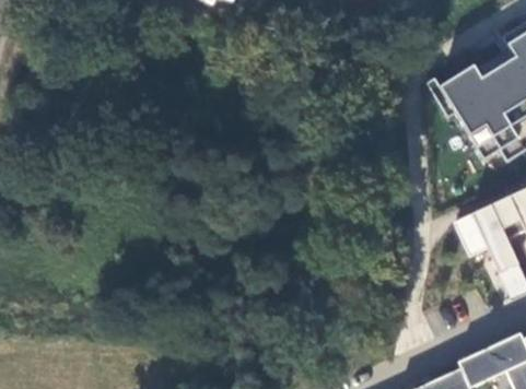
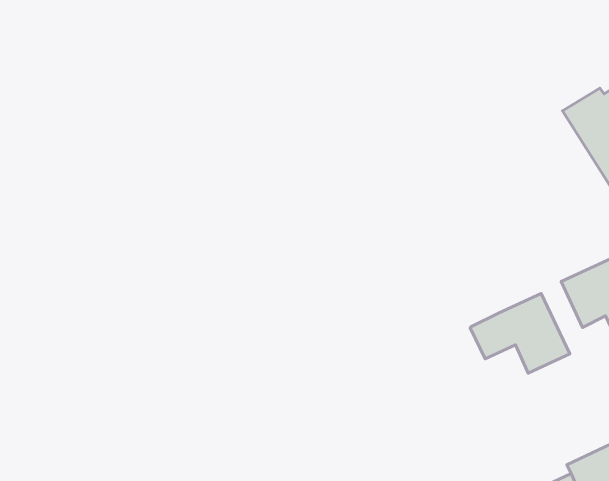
building: none -> [470,293,570,373]

